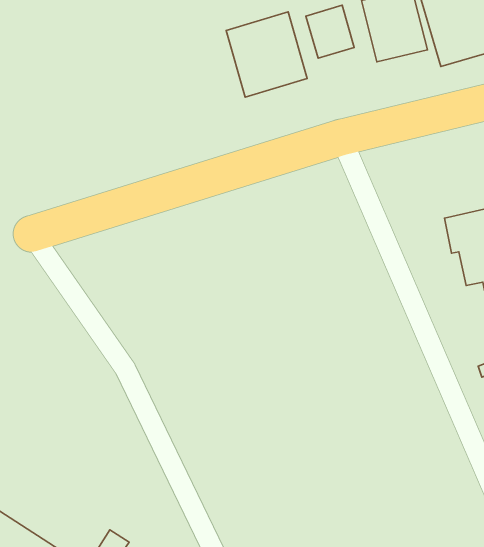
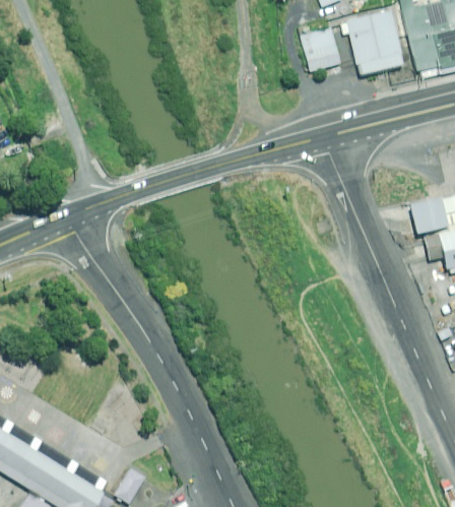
building: [226,12,307,97] -> none

